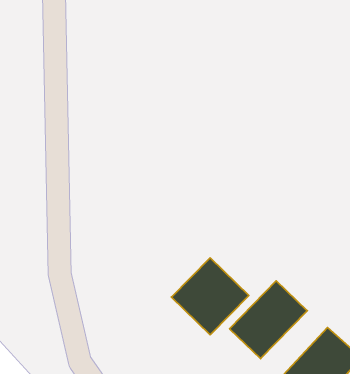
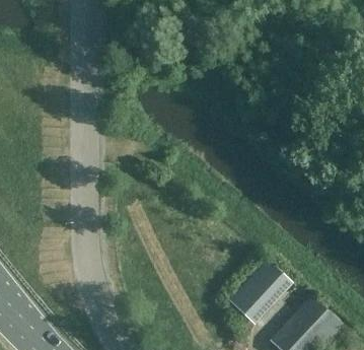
building: [171,258,249,335] -> none

